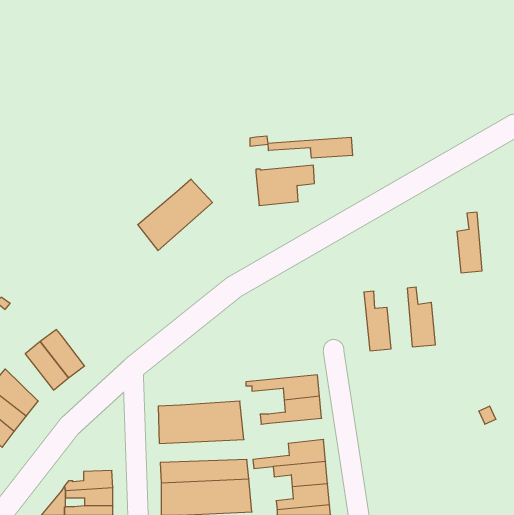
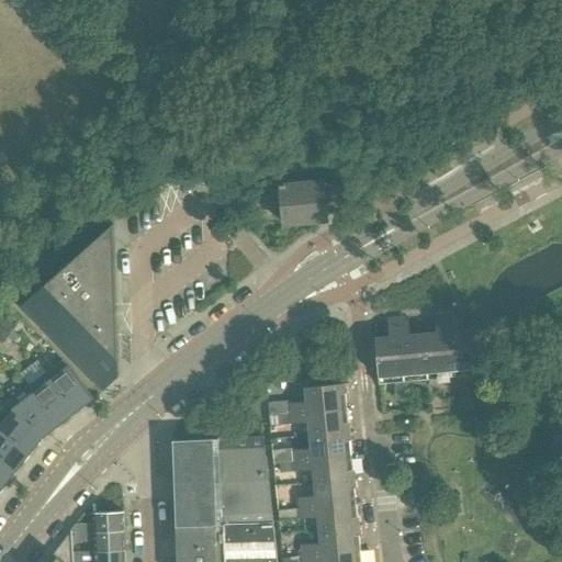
building: [268,137,353,158] -> none
building: [138,179,212,251] -> none
building: none -> [19,224,117,392]
building: [457,212,482,273] -> [422,314,449,380]
building: none -> [373,318,403,384]
building: none -> [267,383,346,416]
building: none -> [5,385,58,437]
building: none -> [293,456,352,483]
building: none -> [173,479,269,504]

